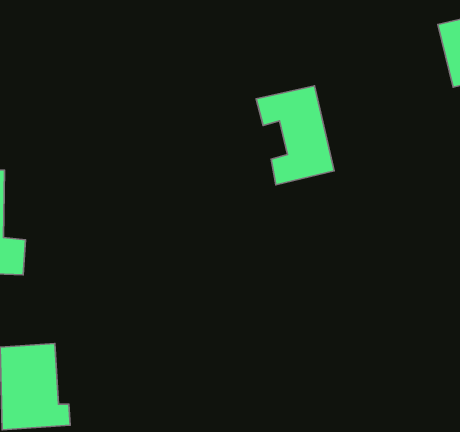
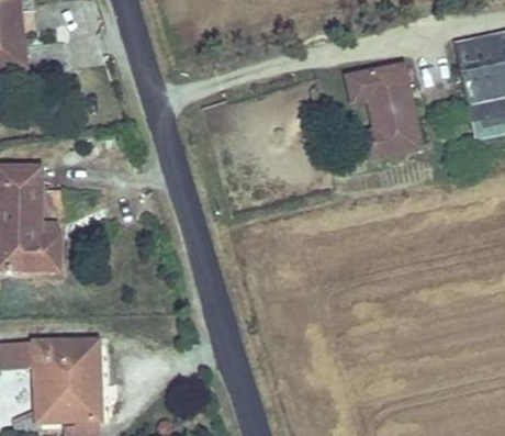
building: [256,86,334,185] -> [346,65,419,158]

